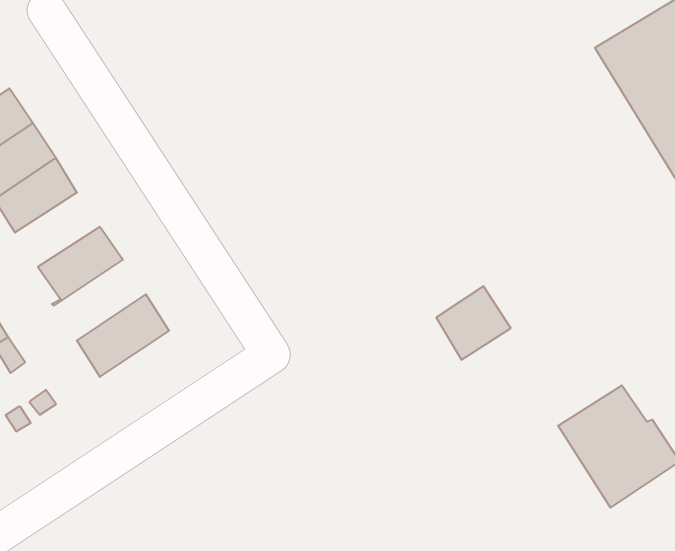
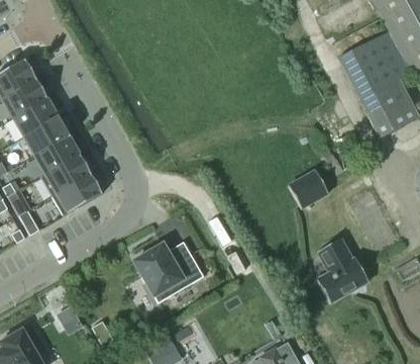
building: none -> [22,116,68,155]
building: none -> [40,154,90,195]
building: [436,286,511,360] -> [289,169,328,207]
building: none -> [133,243,203,301]

